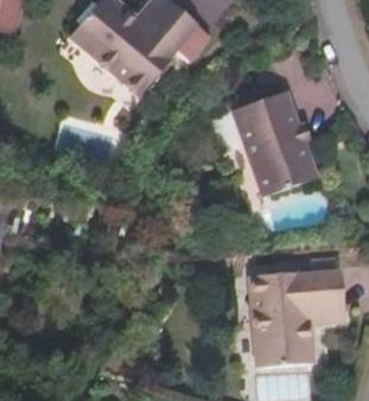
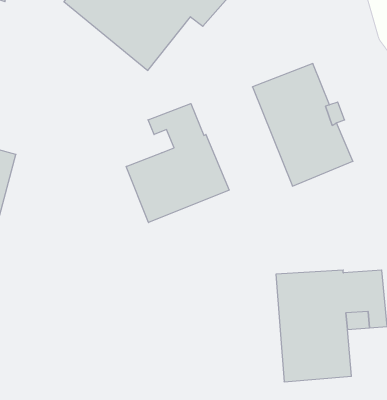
building: none -> [126,104,229,223]

